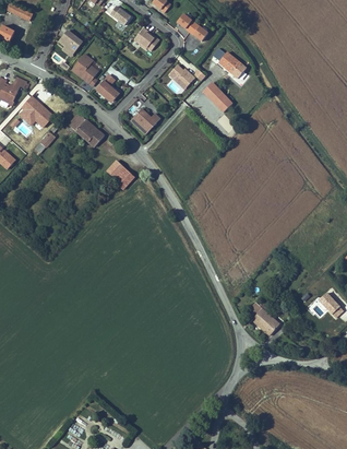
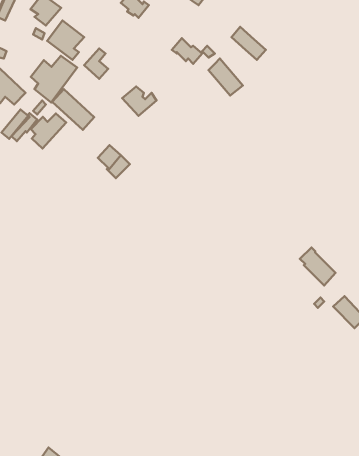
building: none -> [31,56,77,102]
building: none -> [31,114,66,149]
building: [253,306,284,339] -> [300,247,336,286]

